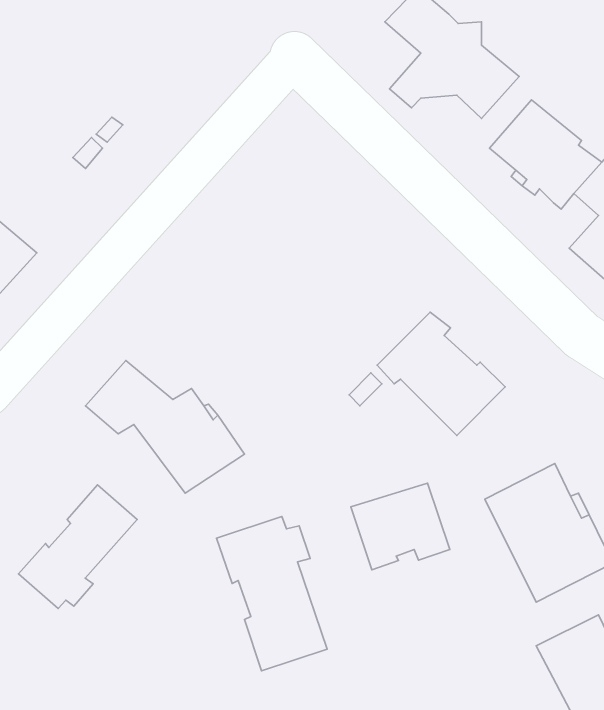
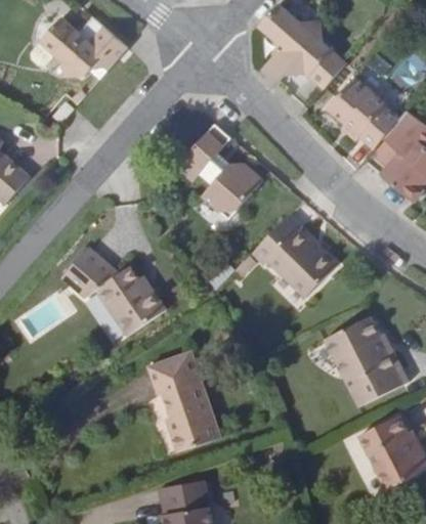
building: none -> [30,16,127,78]
building: none -> [176,123,263,219]
building: [351,483,450,570] -> none
building: [19,485,137,608] -> none

